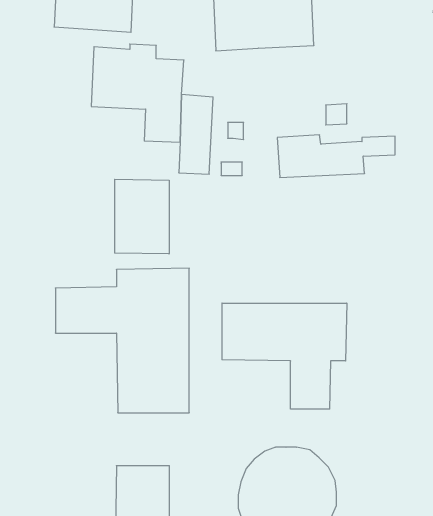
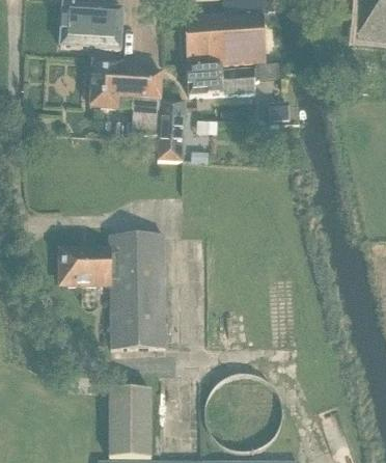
building: [277,135,395,177] -> [187,63,279,97]
building: [115,179,169,254] -> none
building: [222,303,347,409] -> none

